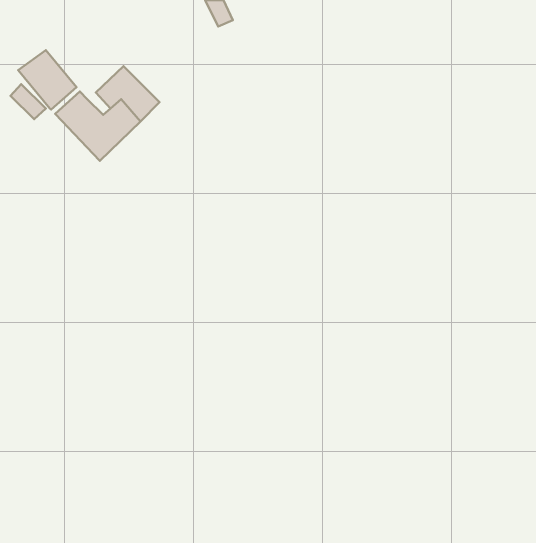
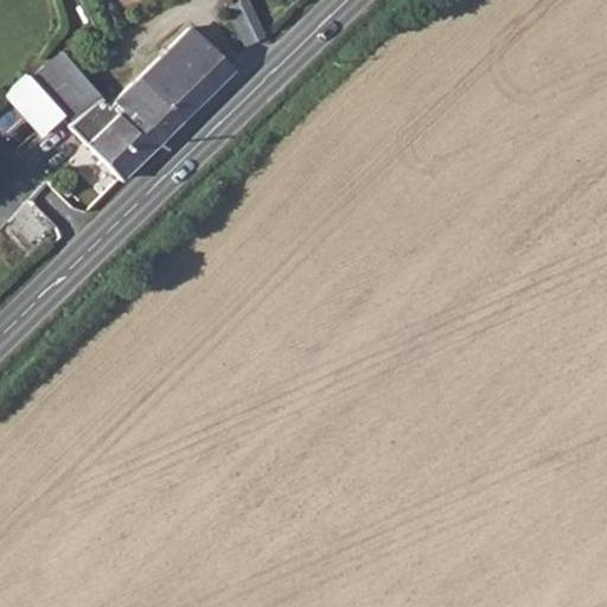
building: none -> [146,27,236,115]

